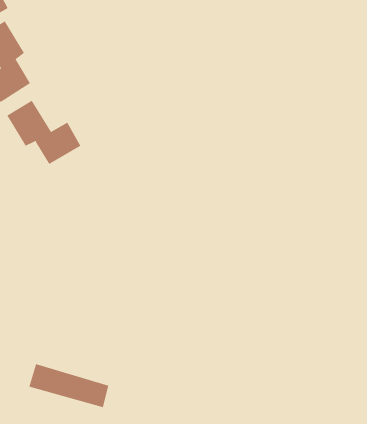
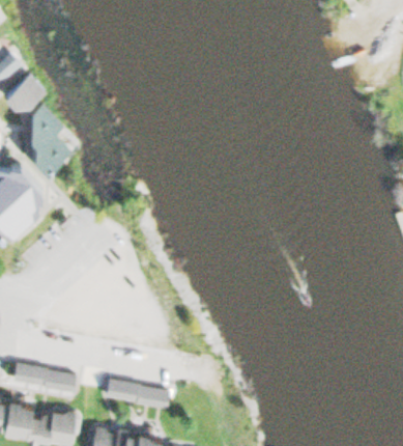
building: [6,100,81,165] -> none

